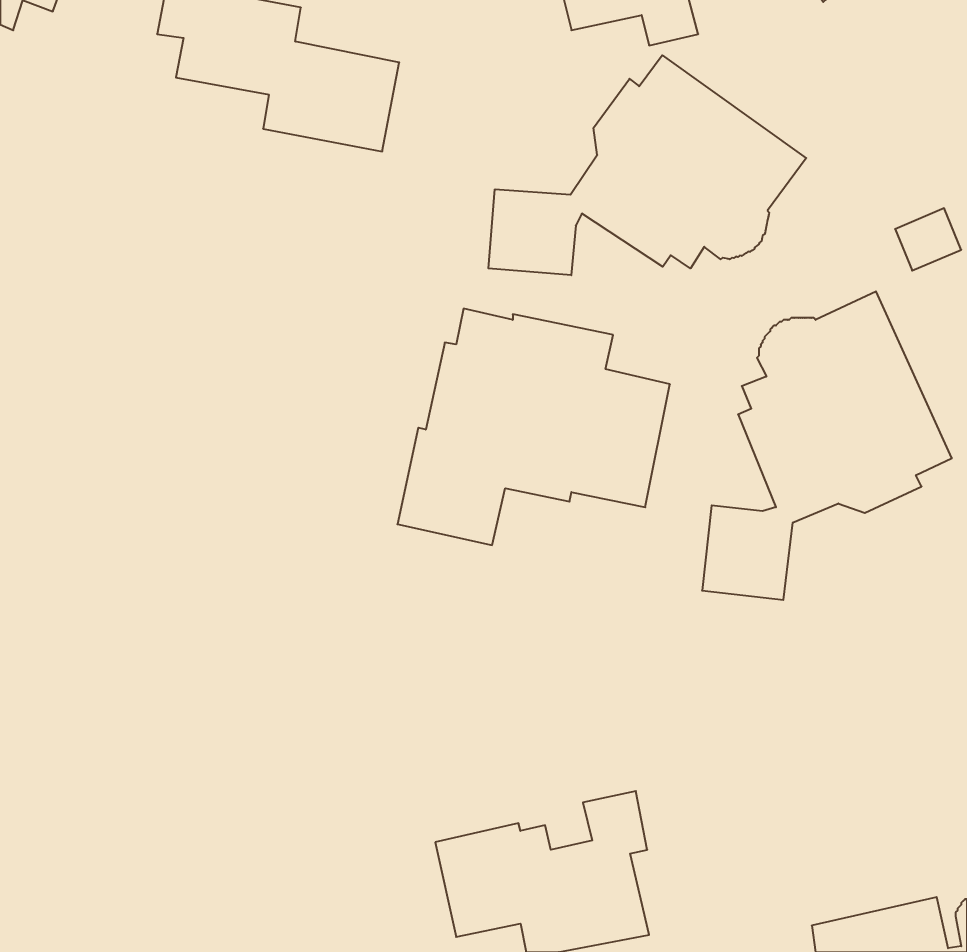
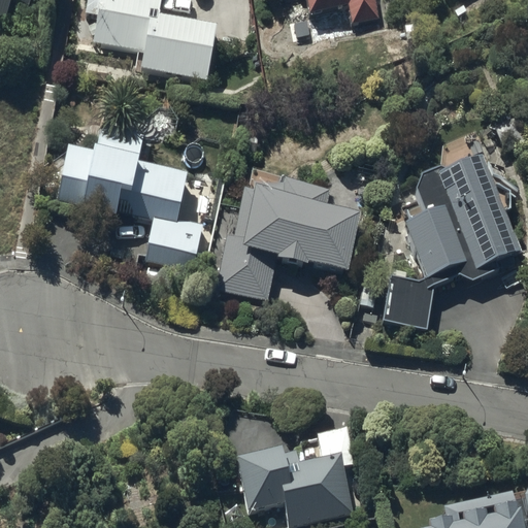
building: [488,55,806,275] -> none
building: none -> [57,123,202,270]

